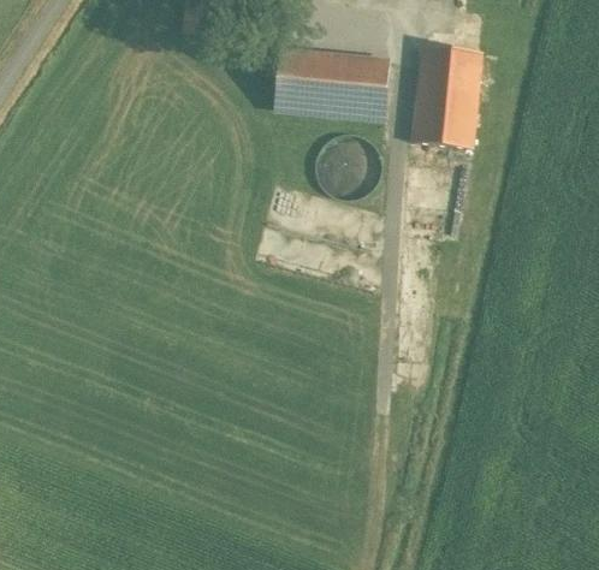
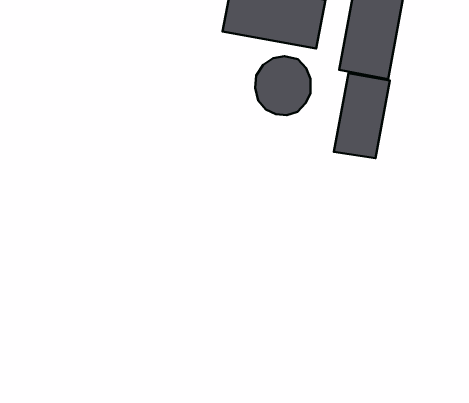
building: none -> [334,73,390,158]

